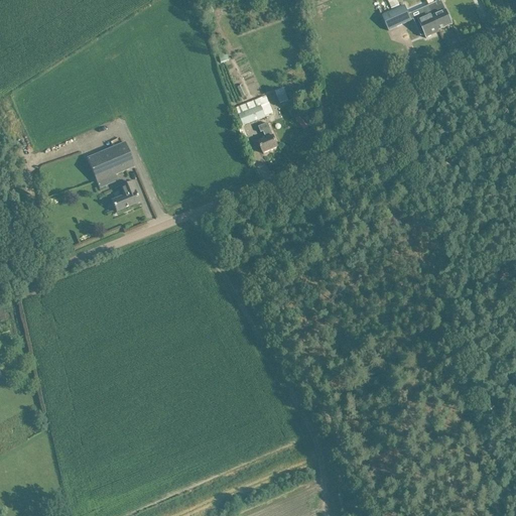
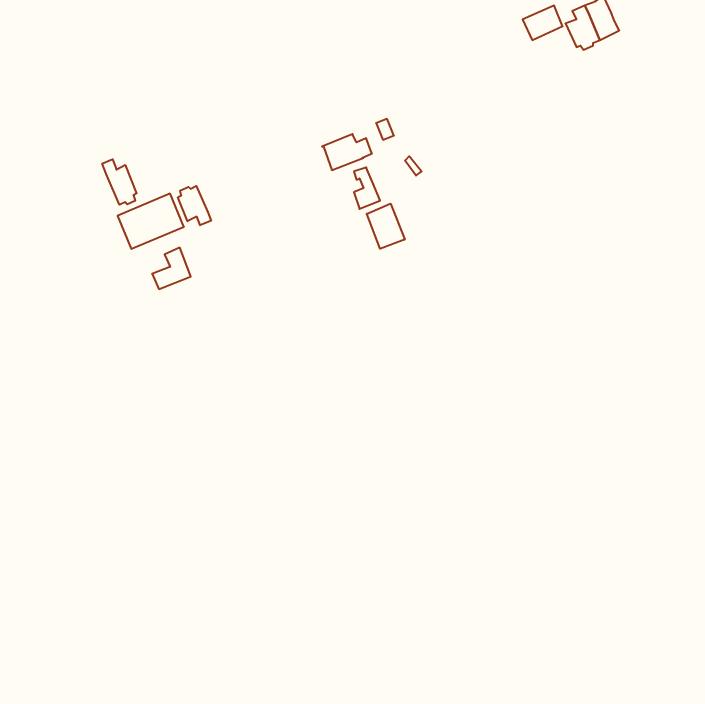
building: none -> [102,159,137,205]
building: none -> [178,186,211,225]
building: none -> [367,204,405,249]

